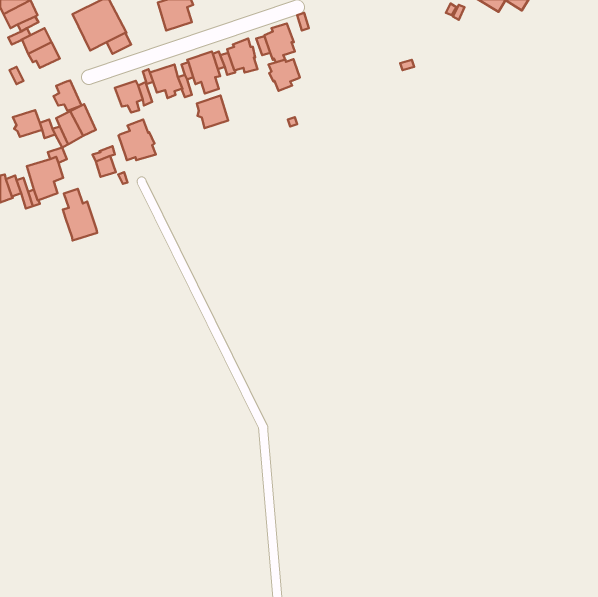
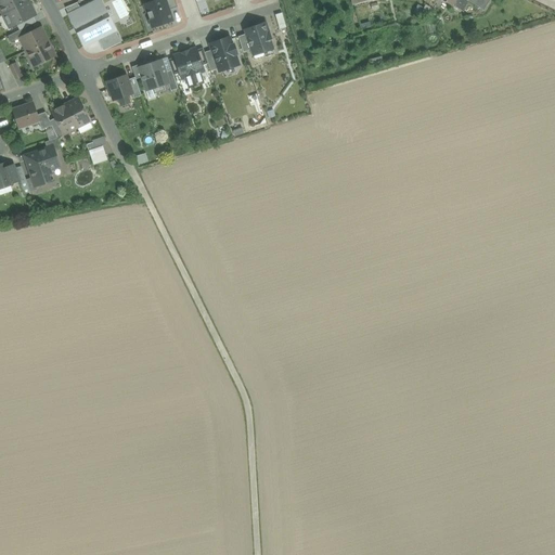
building: [268,59,300,91] -> none
building: [54,81,82,111] -> none
building: [197,96,228,128] -> none
building: [119,120,156,160] -> none
building: [63,189,97,241] -> none

